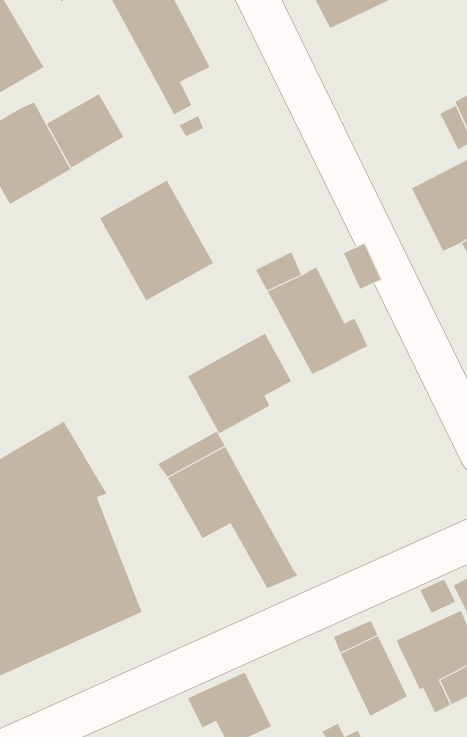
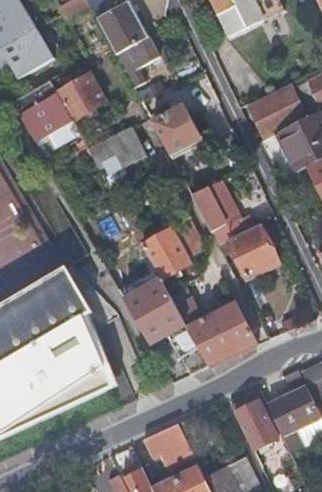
building: none -> [242,81,304,138]
building: none -> [150,101,199,151]
building: none -> [224,222,277,277]
building: none -> [175,294,257,363]

